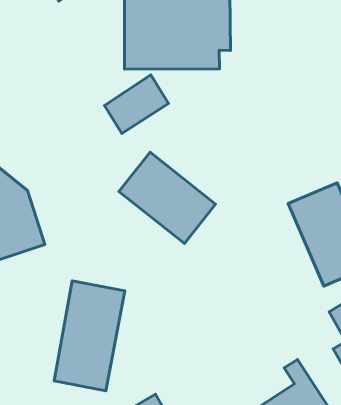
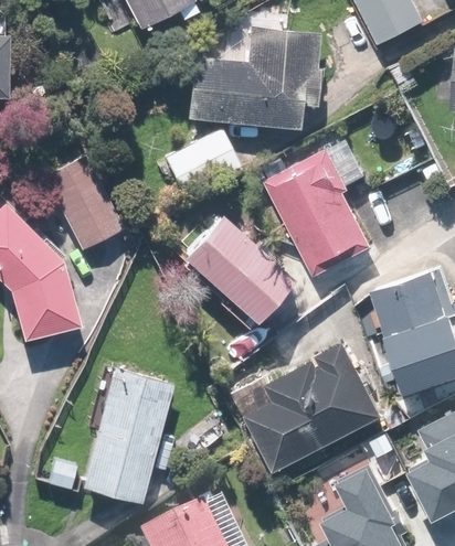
building: none -> [267,148,373,276]
building: none -> [42,156,125,251]
building: none -> [245,344,382,472]

